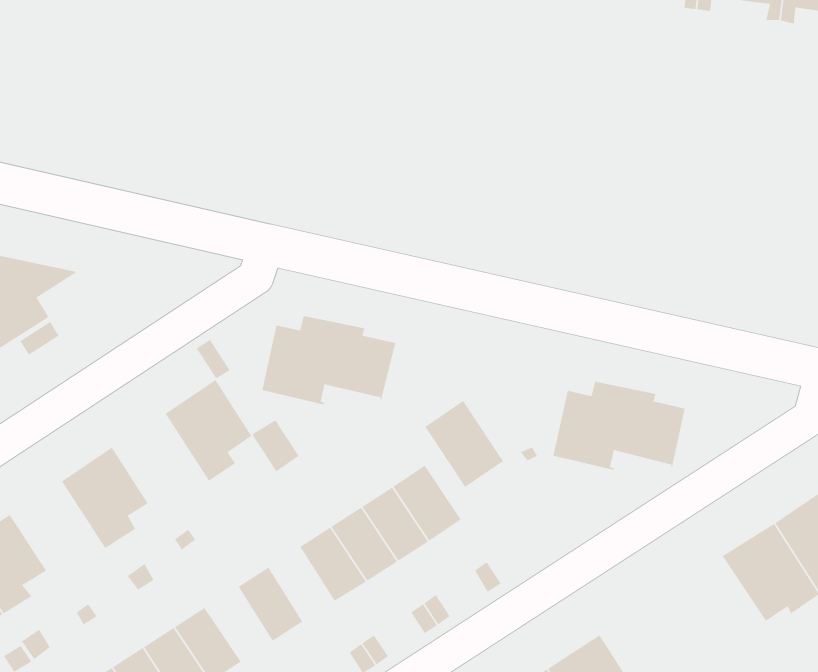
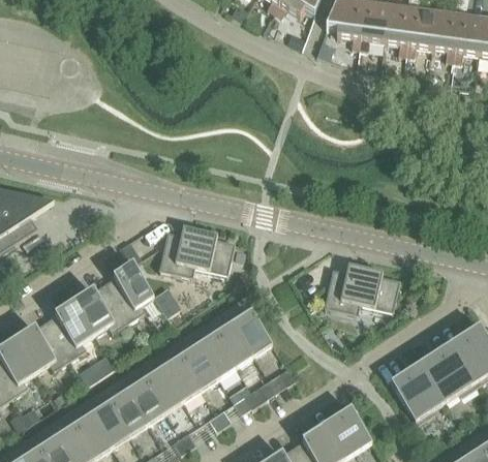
building: [424,400,504,488] -> none
building: none -> [73,281,128,332]
building: none -> [16,319,69,370]
building: none -> [162,357,200,399]
building: none -> [390,362,445,422]
building: none -> [126,379,164,422]

